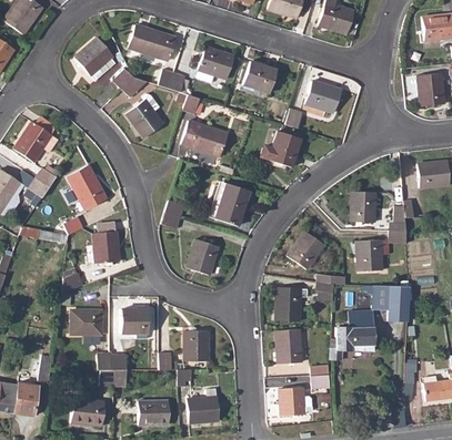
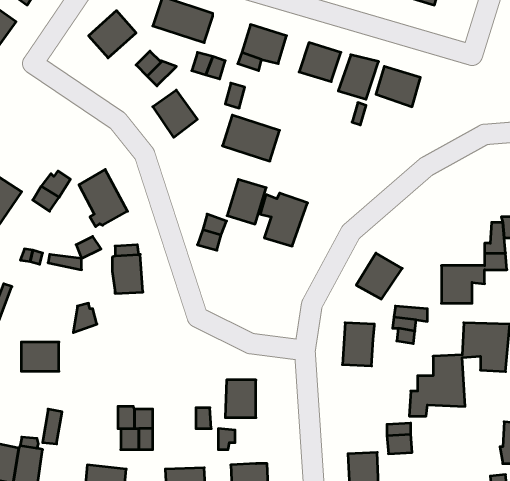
building: [13,121,57,161] -> none
building: [262,130,294,165] -> [338,55,379,99]
building: [352,192,375,222] -> none
building: [187,237,218,273] -> [227,179,266,224]
building: [121,308,148,331] -> none
building: [72,311,102,335] -> [21,342,59,371]
building: [274,327,301,362] -> none

